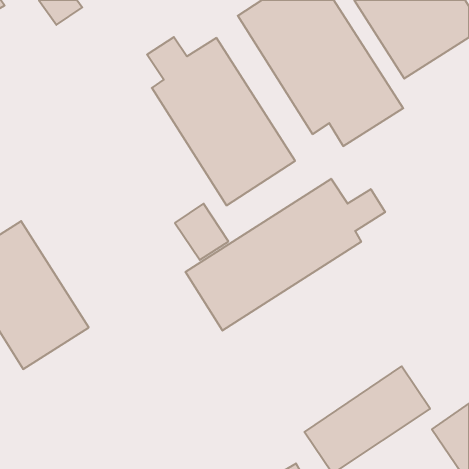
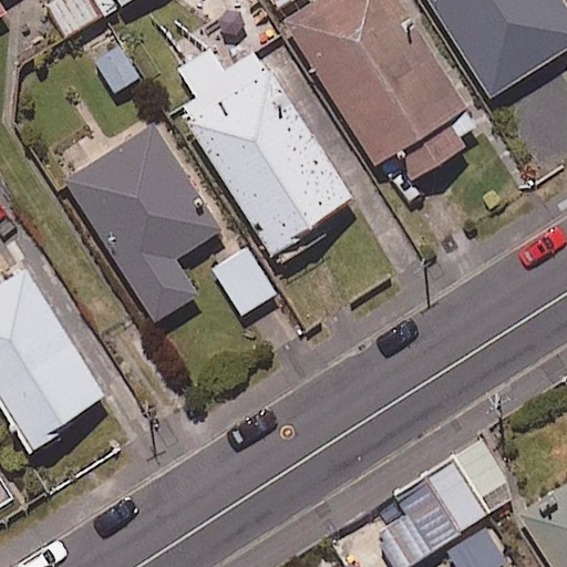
building: none -> [66,124,221,321]
building: [186,179,385,331] -> none

